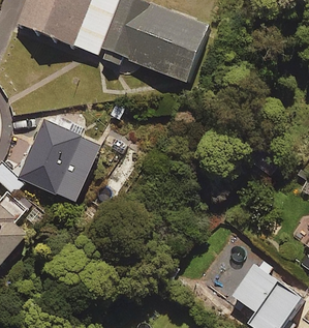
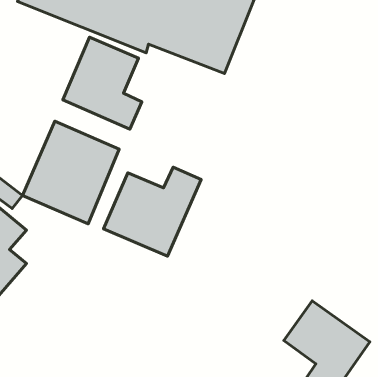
building: none -> [63,37,142,129]
building: none -> [104,167,201,256]

